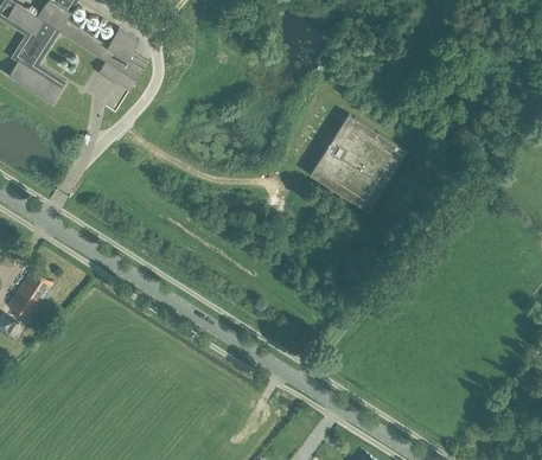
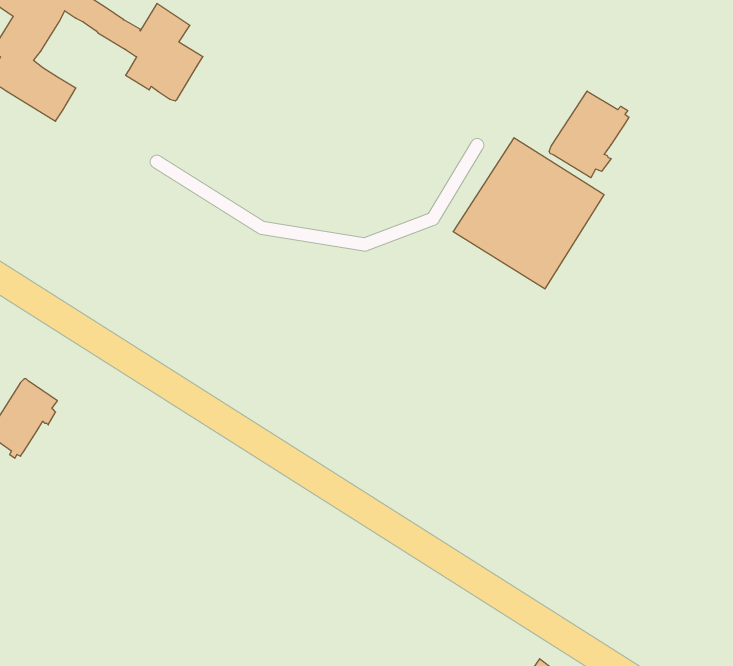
building: none -> [549,91,629,178]

